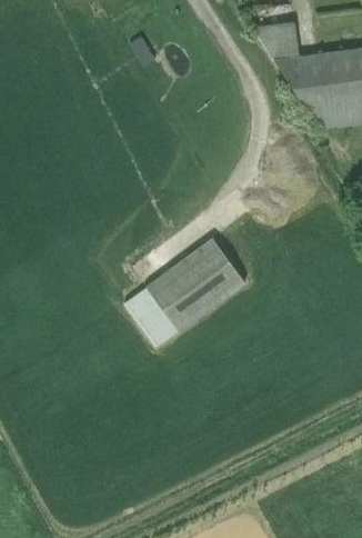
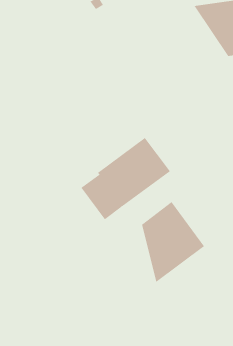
building: none -> [142,201,205,283]

